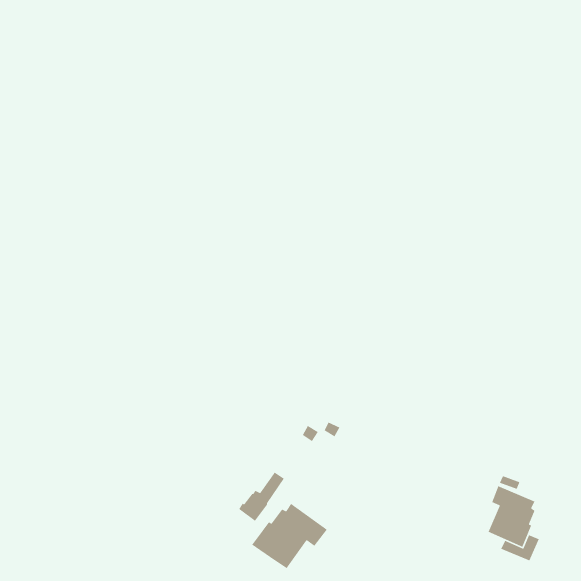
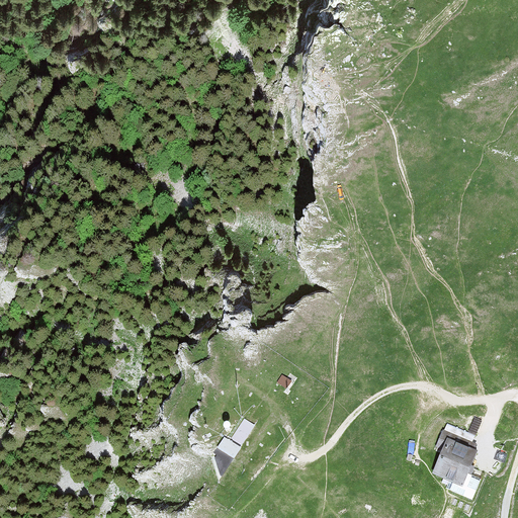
building: [251,503,328,569] -> none

